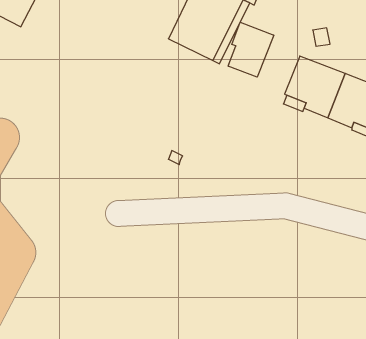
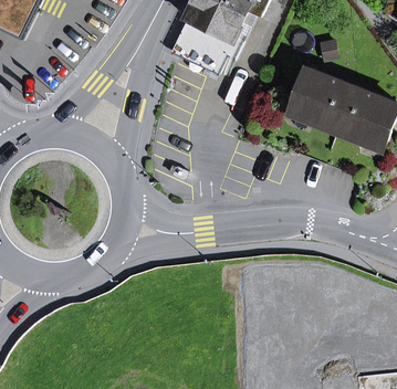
building: [228,22,274,77] -> none

